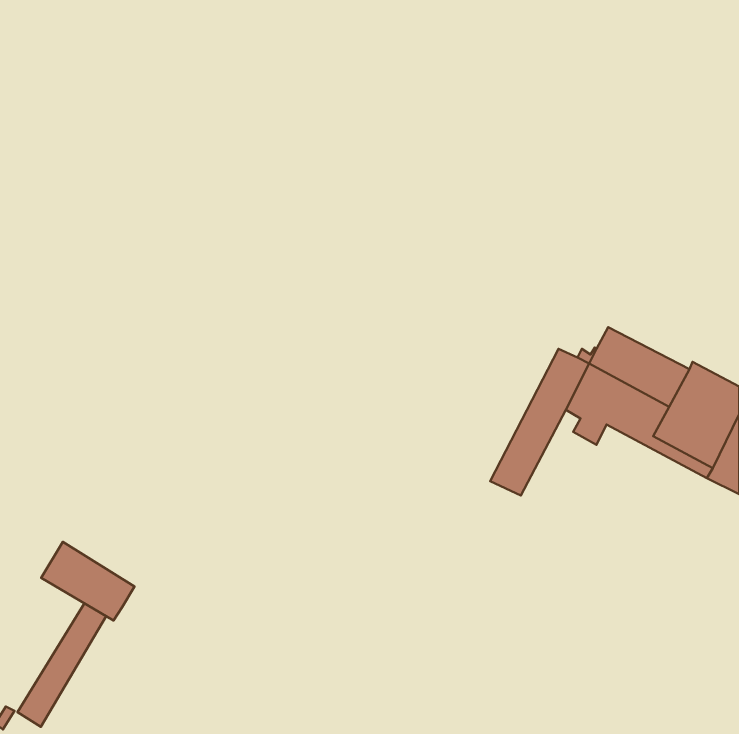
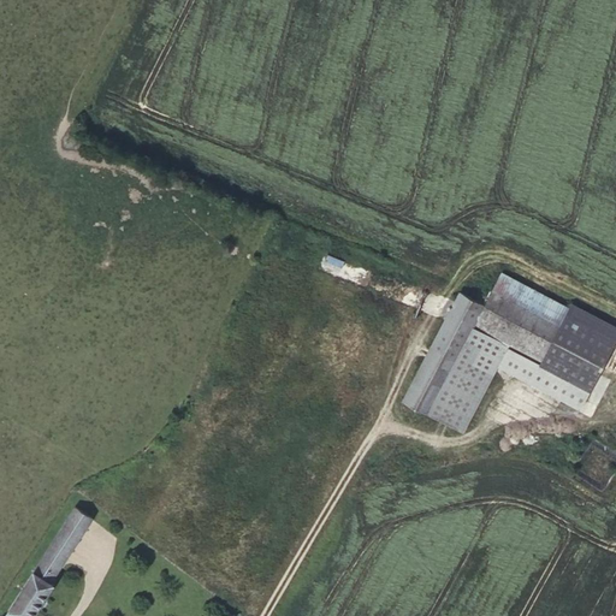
building: none -> [431,346,493,434]
building: [41,542,134,620] -> none

